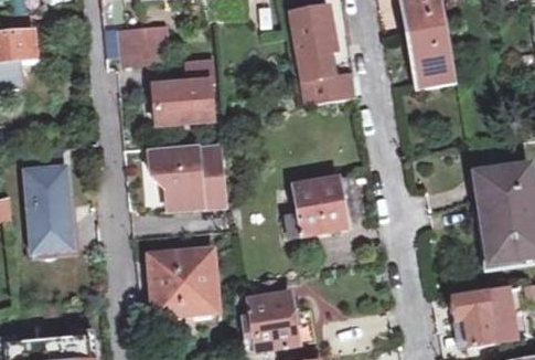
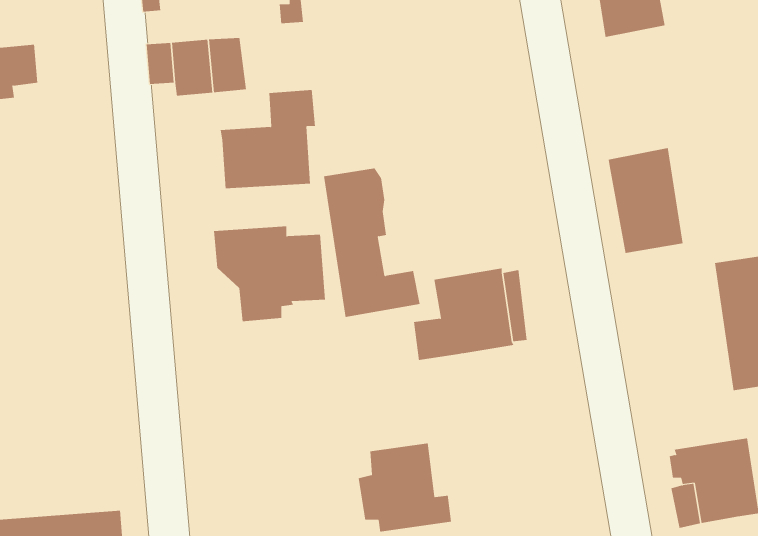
building: [290,6,354,104] -> [323,168,421,318]
building: [406,18,456,87] -> [608,148,684,254]
building: [24,163,73,248] -> none
building: [153,248,217,314] -> none

